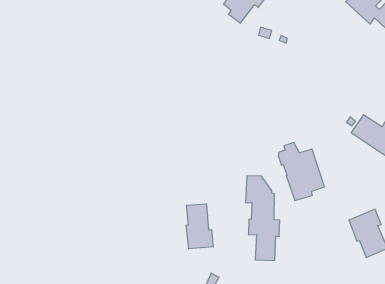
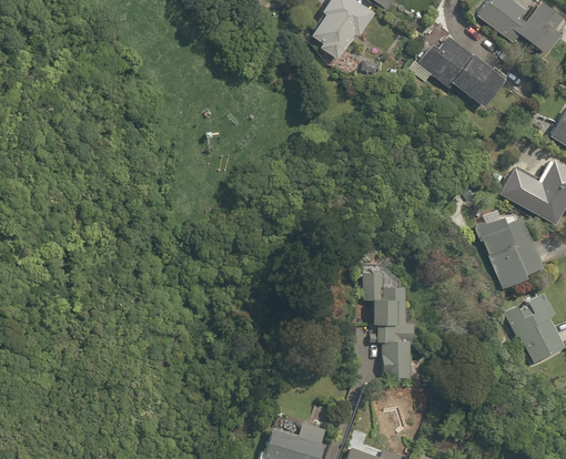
building: none -> [420,38,504,105]
building: [278,143,324,201] -> [476,211,543,289]
building: [186,204,213,249] -> none

